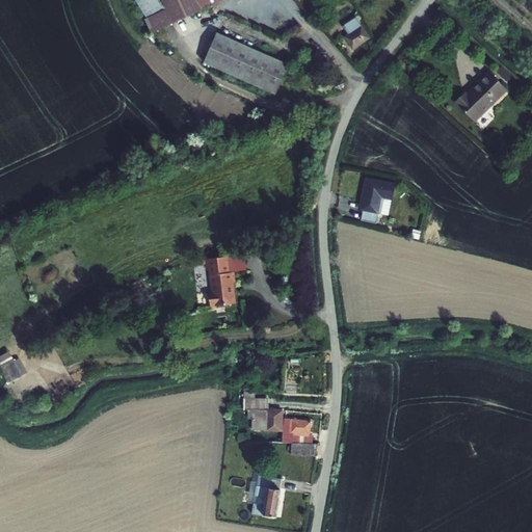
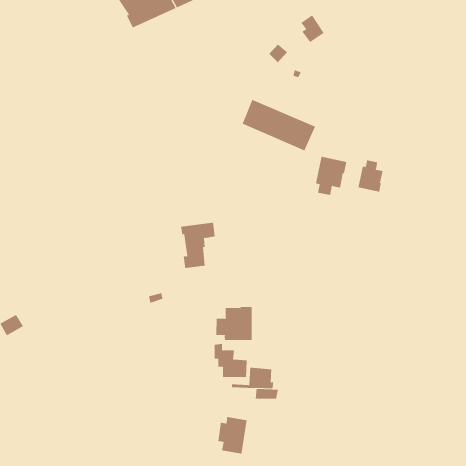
building: [204,32,288,91] -> [242,99,316,151]
building: [454,71,506,121] -> none
building: none -> [358,160,383,192]
building: none -> [216,306,252,341]

